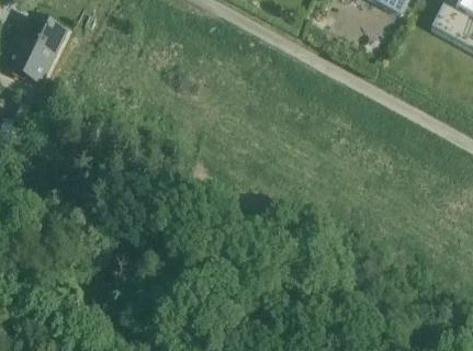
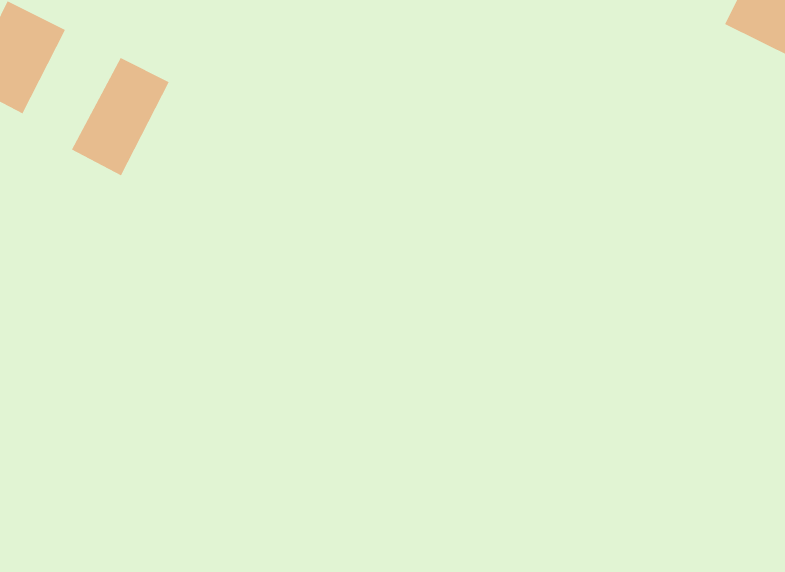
building: none -> [71,57,169,176]

